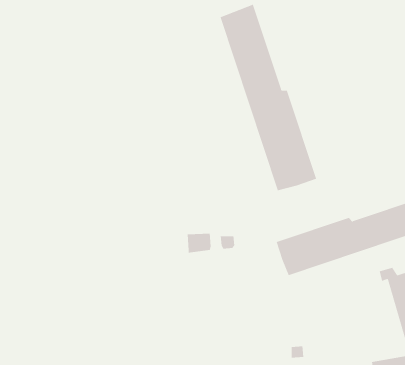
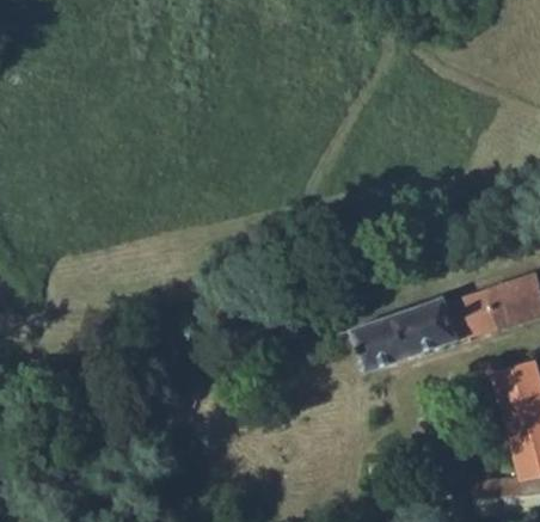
building: [220,4,317,191] -> none

